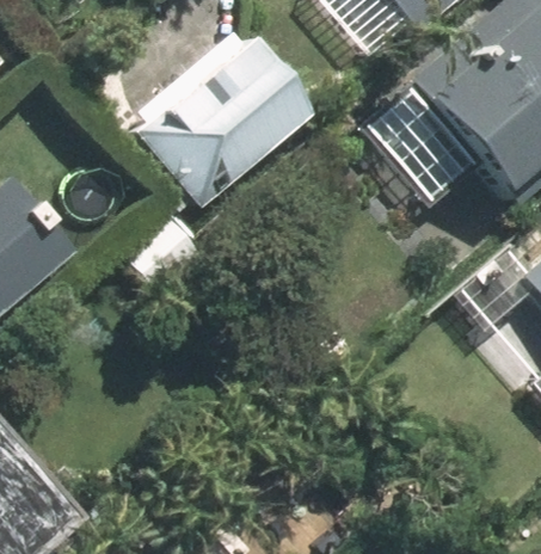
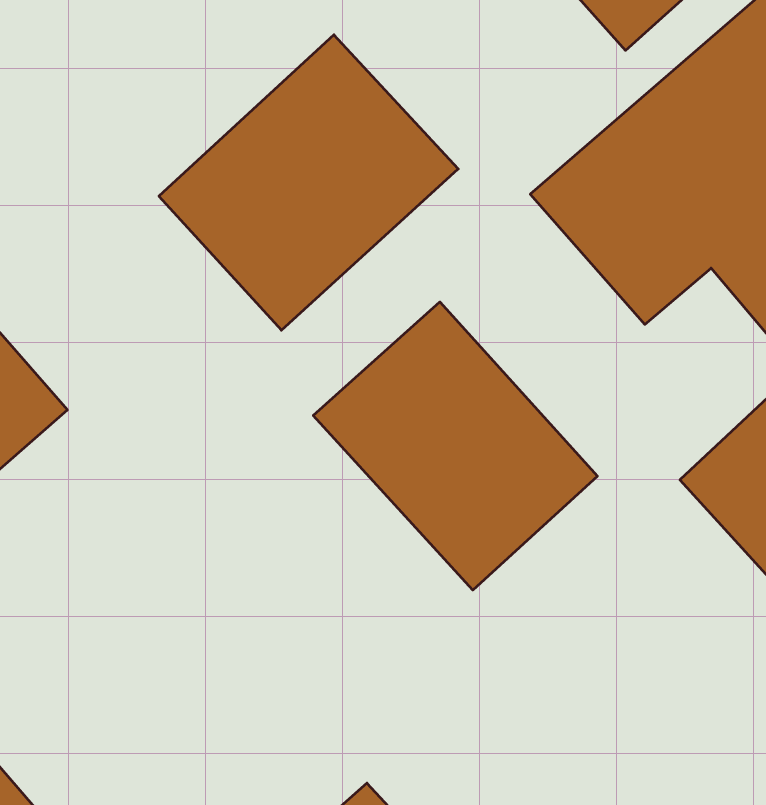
building: none -> [313,302,597,590]

